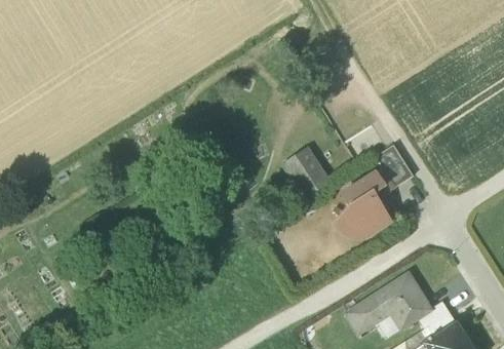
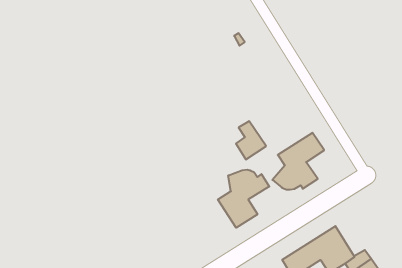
building: [377,144,414,186] -> none
building: none -> [218,170,269,228]

